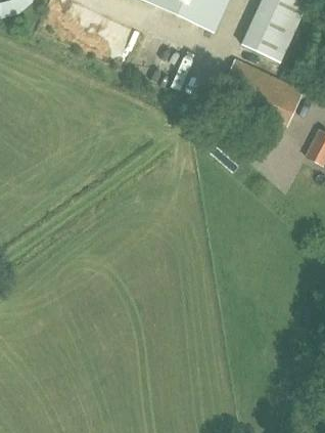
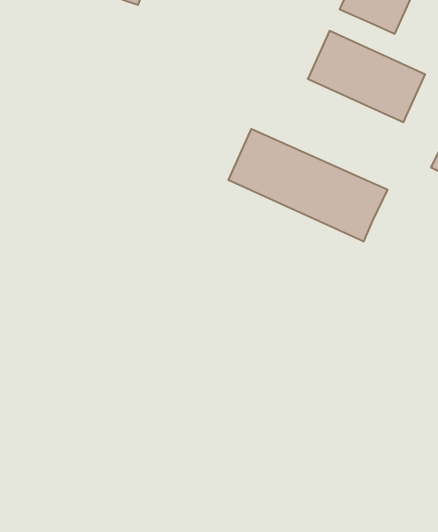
building: none -> [229,129,387,242]

